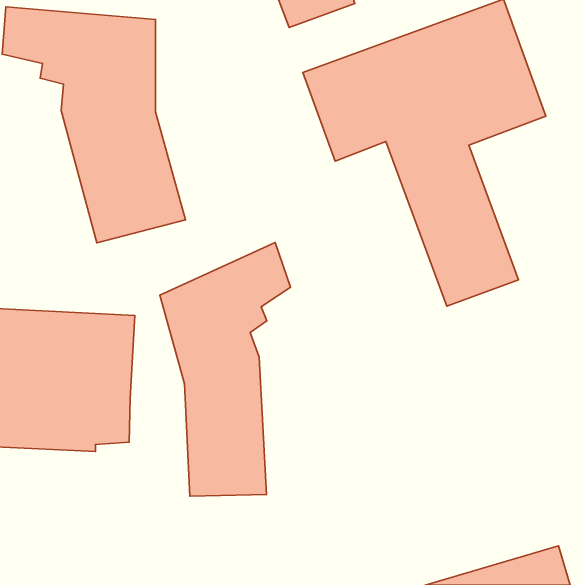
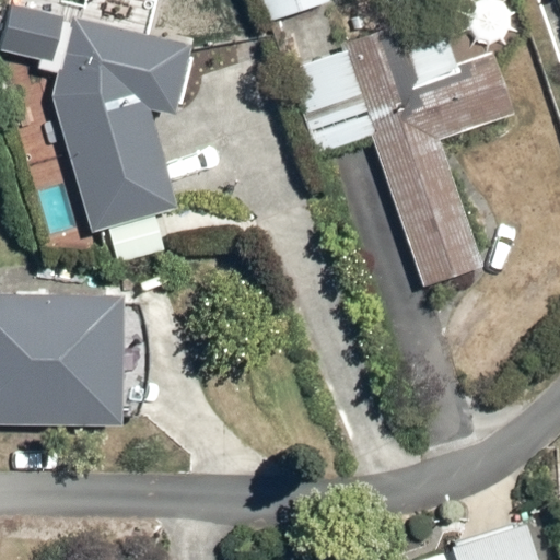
building: [160,243,291,496] -> none

